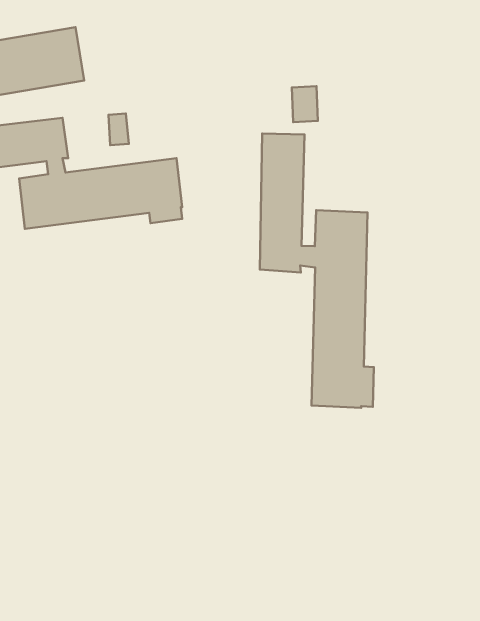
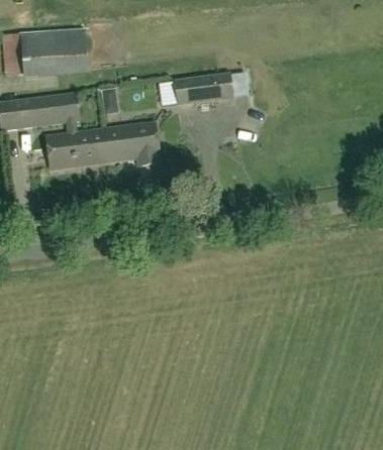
building: none -> [175,74,231,102]
building: [260,133,374,408] -> none

